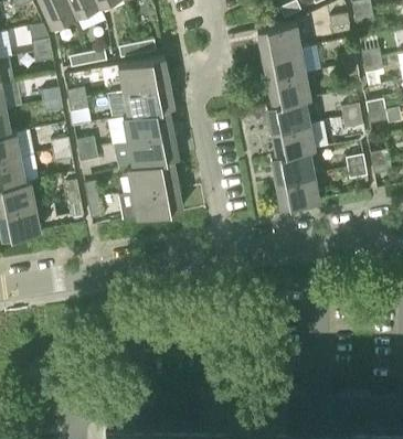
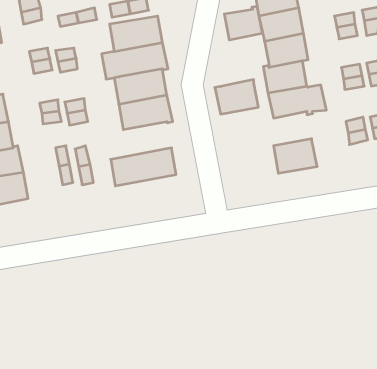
building: none -> [224,6,262,40]
building: [271,149,312,182] -> [215,80,258,114]
building: [127,159,178,193] -> none

